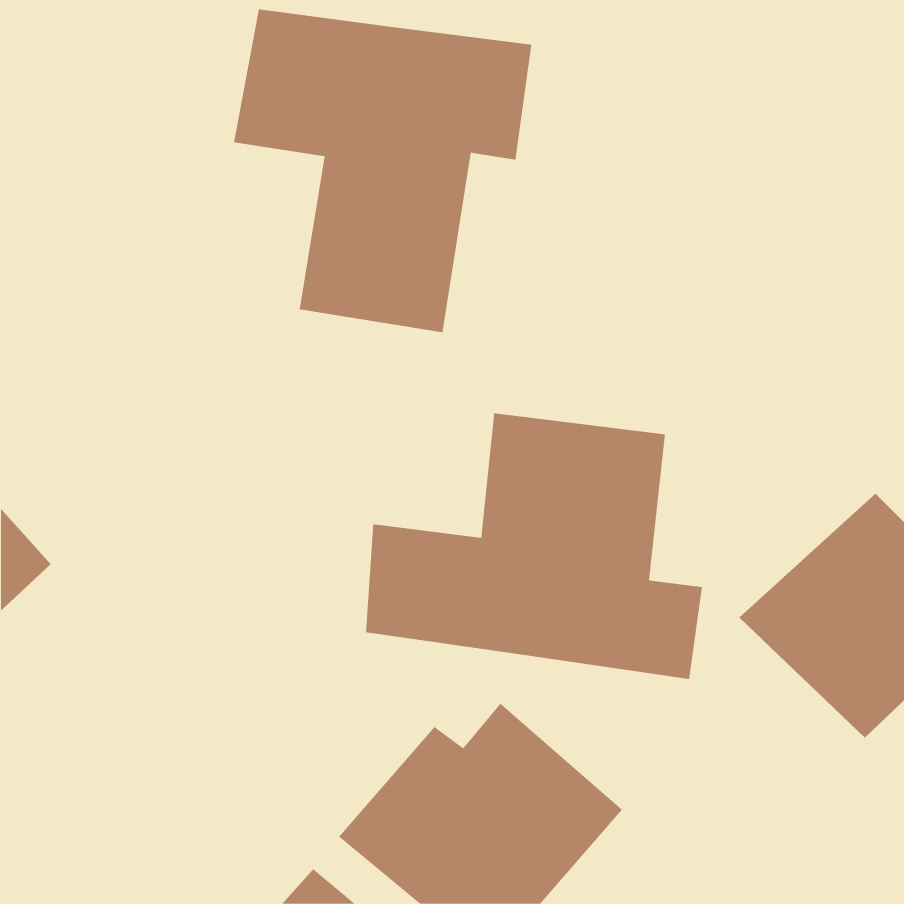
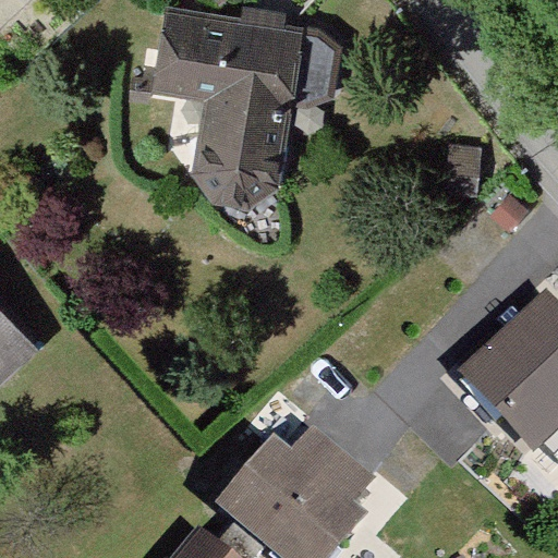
building: [365,413,703,680] -> none

